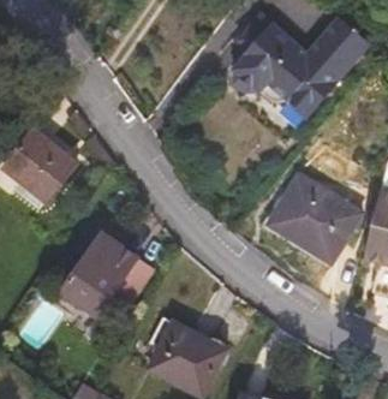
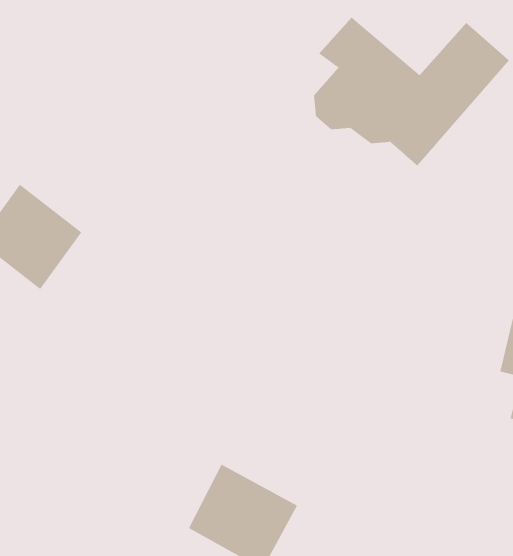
building: [269,175,362,262] -> none
building: [61,232,151,316] -> none

